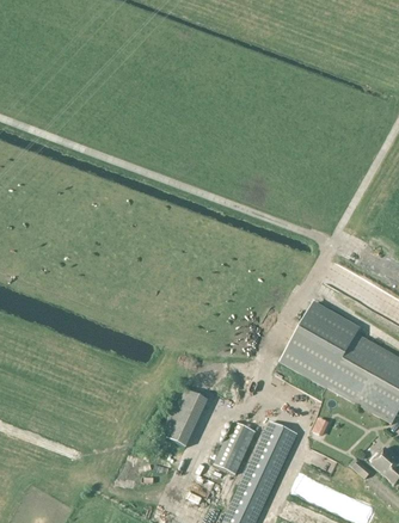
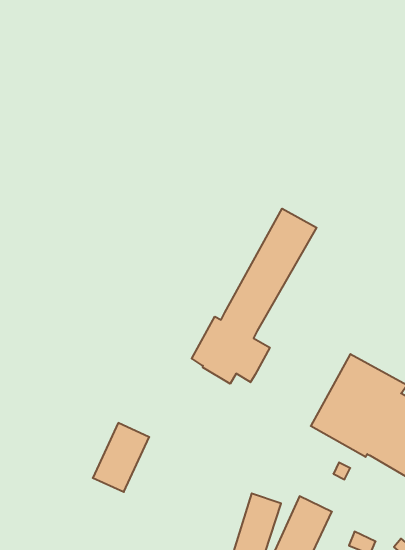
building: none -> [192,209,317,384]
building: [160,388,208,447] -> [93,423,149,492]

